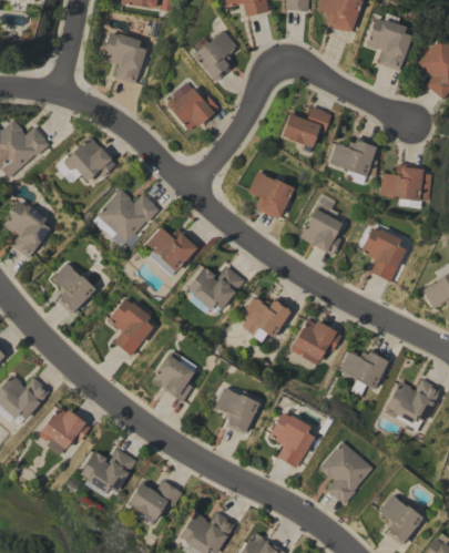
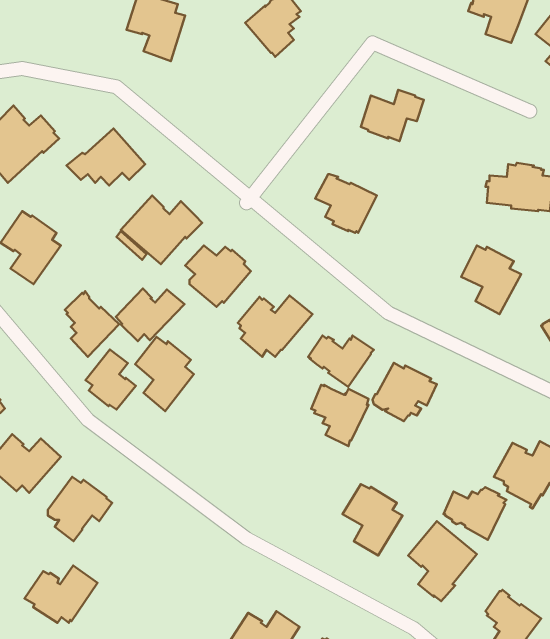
building: [167,82,218,130] -> none
building: [329,136,376,176] -> none
building: [299,201,343,255] -> none
building: none -> [116,288,185,341]
building: none -> [86,350,136,410]
building: [340,348,389,389] -> [444,487,507,540]
building: [152,351,196,401] -> none
building: [215,387,259,434] -> [311,385,368,446]
building: [80,448,136,492] -> [24,566,97,623]
building: [129,480,182,520] -> none

